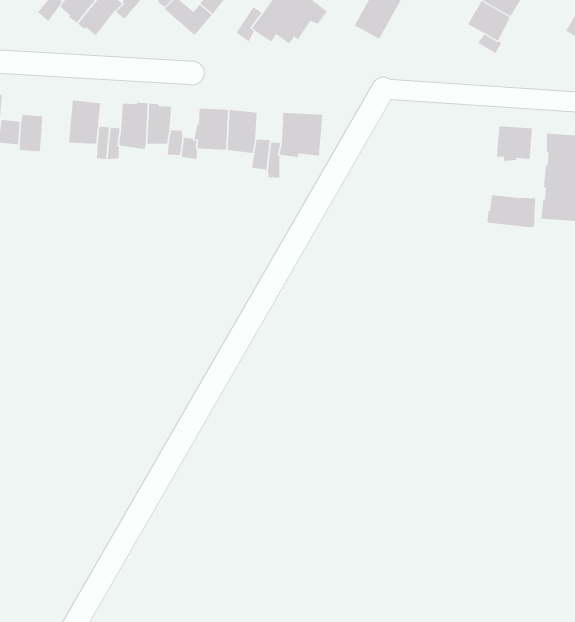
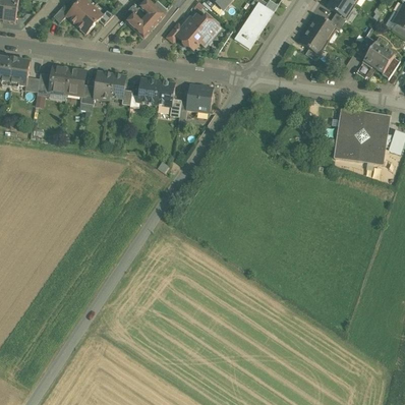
building: none -> [50,66,69,93]
building: [496,126,532,161] -> none
building: [487,195,536,228] -> none

